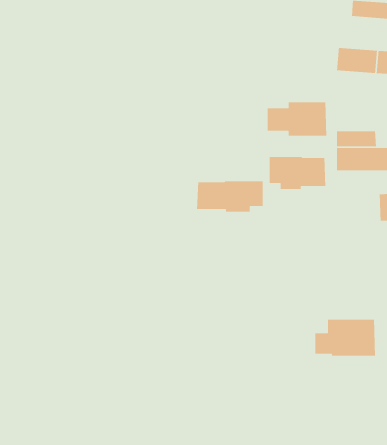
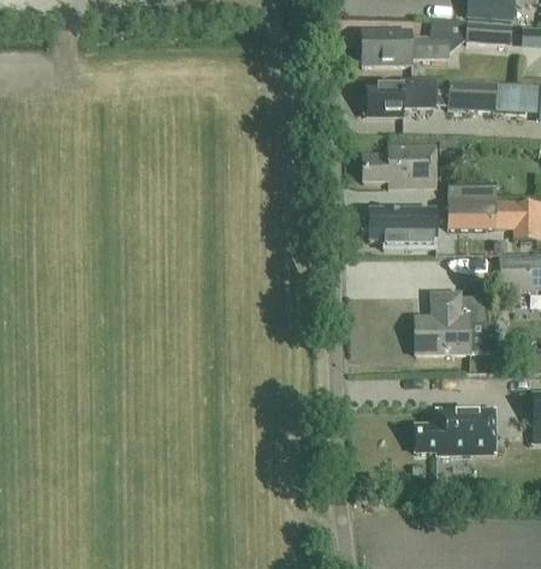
building: none -> [362,29,448,65]
building: none -> [363,76,435,114]
building: [196,181,263,213] -> none
building: none -> [415,291,497,353]

